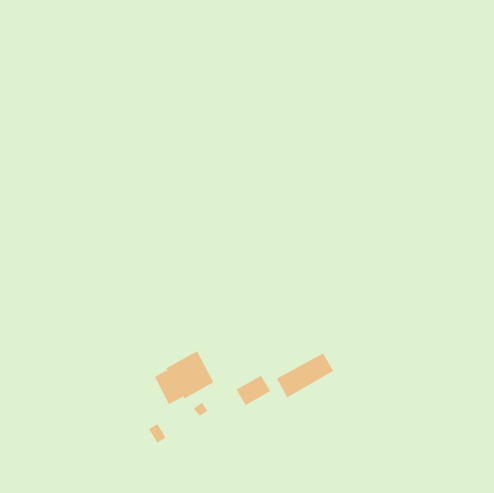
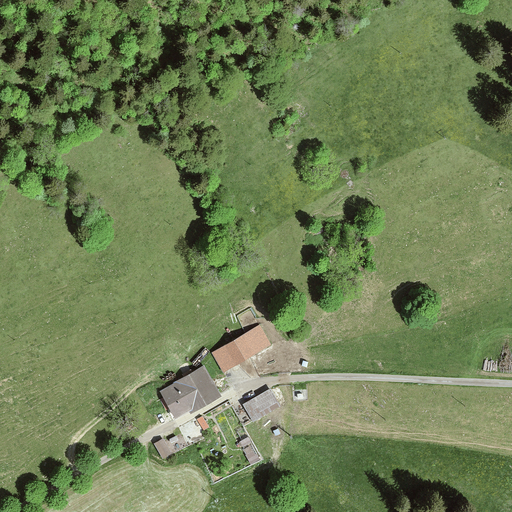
building: [276,352,334,398] -> [211,325,271,372]

